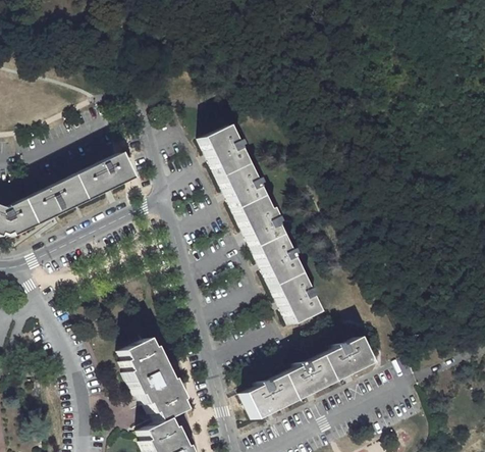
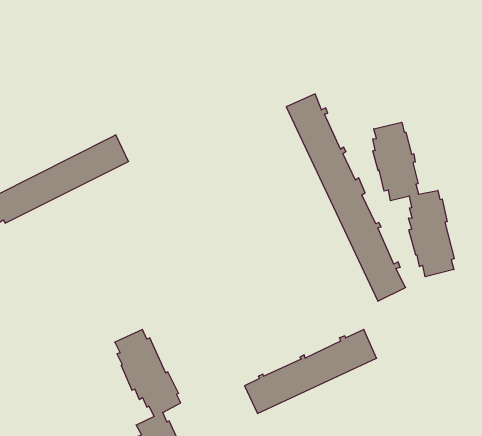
building: [206,122,320,321] -> [286,94,406,301]
building: none -> [373,122,454,277]

